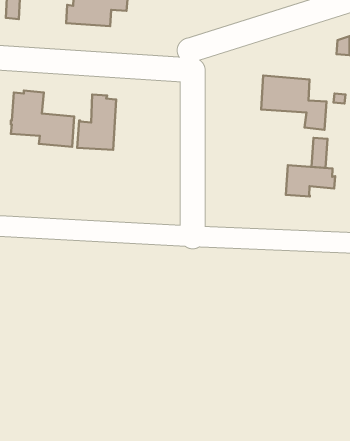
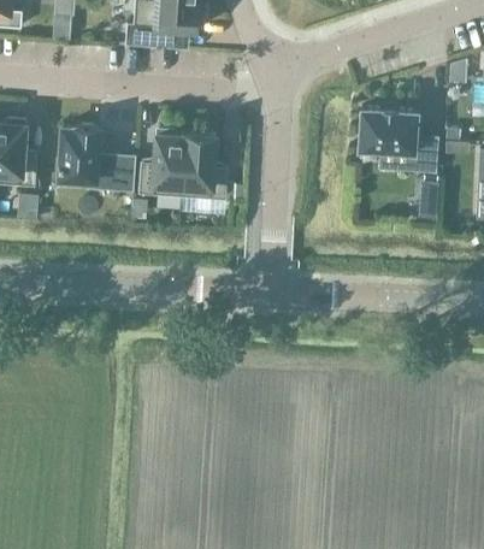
building: none -> [182,134,226,200]
building: [286,165,335,196] -> none

